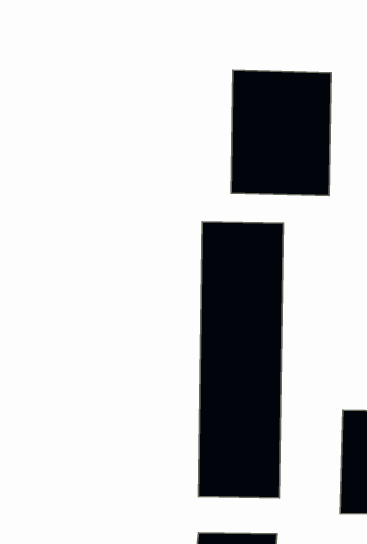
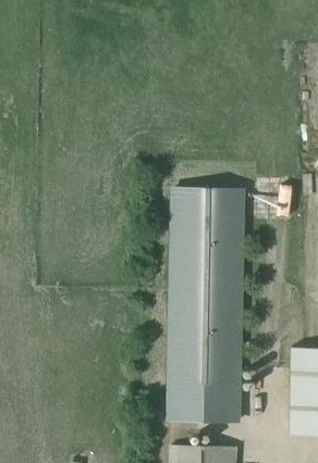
building: [231,70,331,196] -> none

